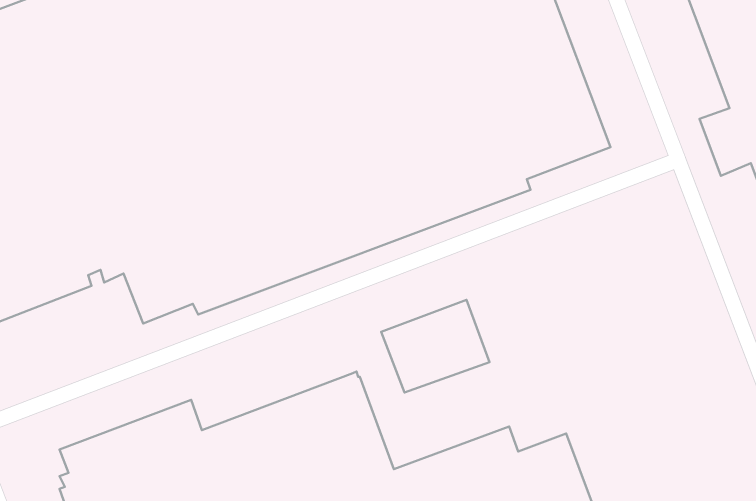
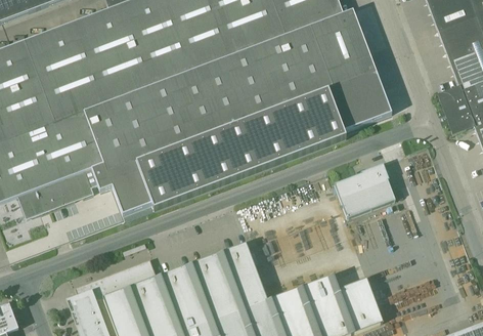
building: [381,300,490,392] -> [334,164,396,217]

